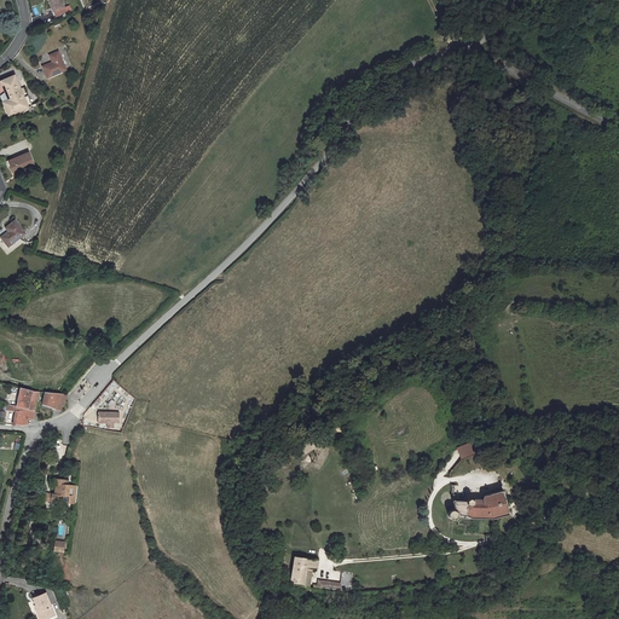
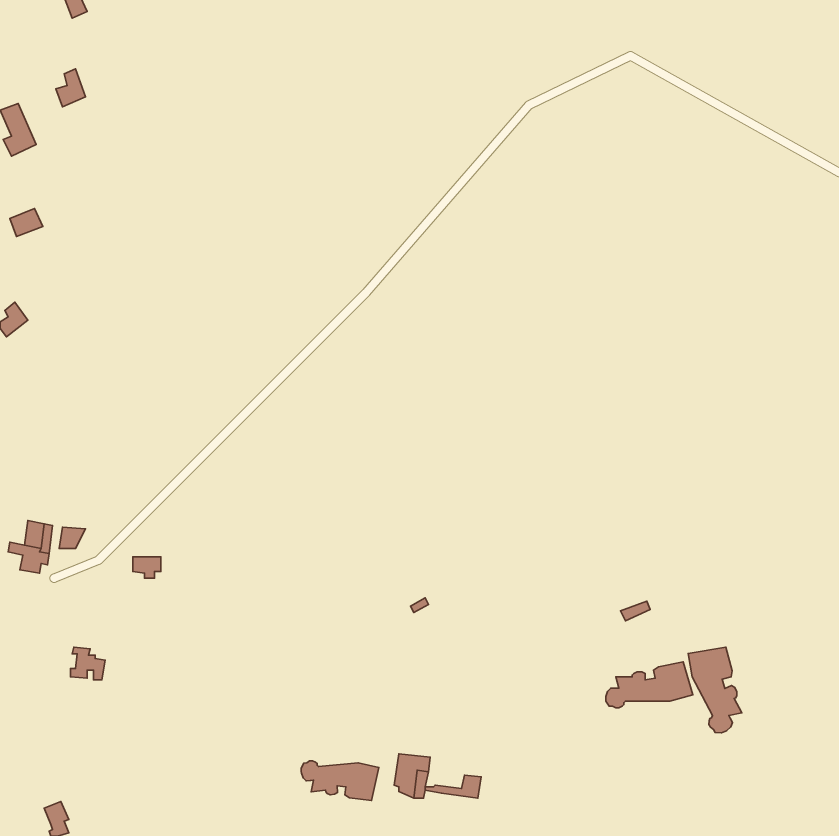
building: none -> [688,647,742,733]
building: none -> [301,761,379,801]

